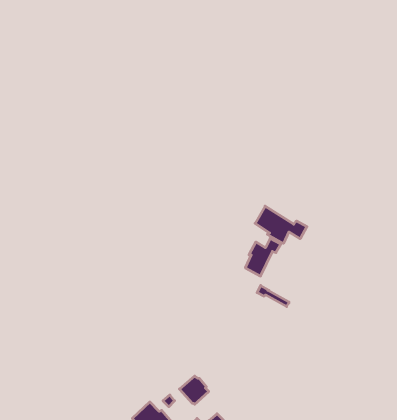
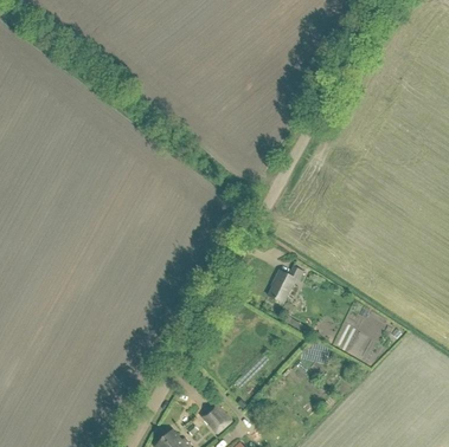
building: [255,206,307,243] -> none

